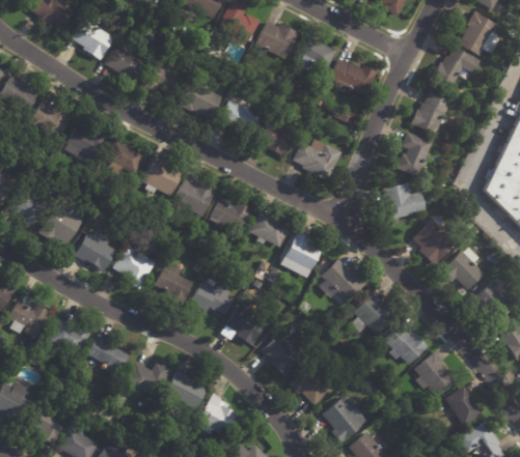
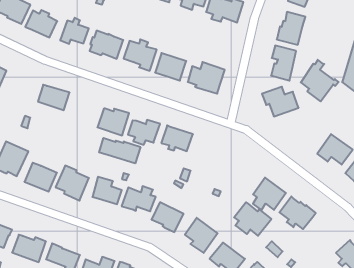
building: [66,125,109,164] -> none
building: [142,158,183,196] -> none
building: none -> [99,138,140,163]
building: [413,216,460,267] -> [301,60,339,101]
building: [284,232,322,274] -> none
building: [321,258,366,302] -> [234,202,271,236]
building: [414,351,456,395] -> none

